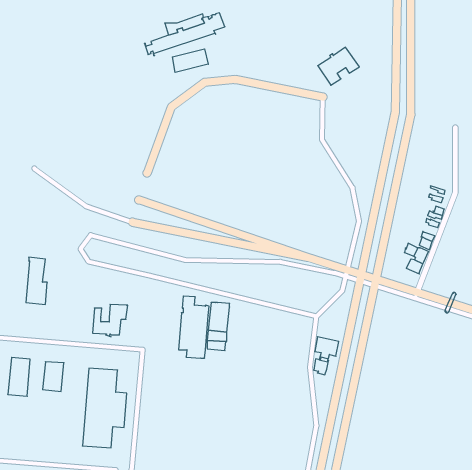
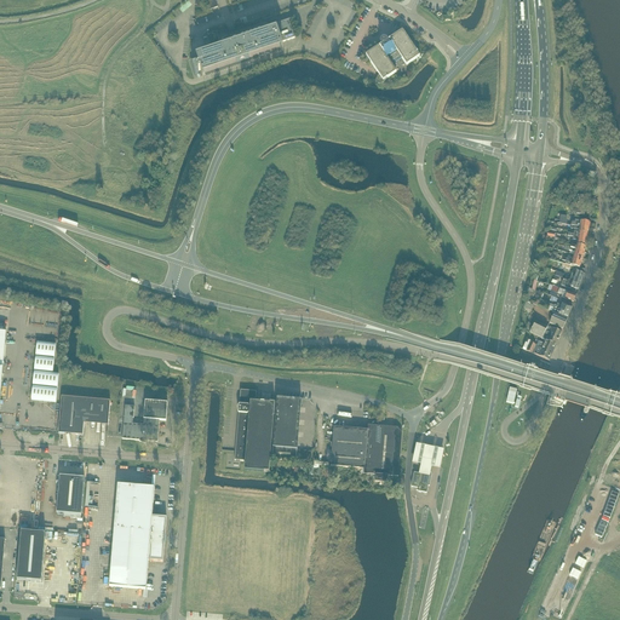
building: [318,47,359,85] -> [364,28,419,78]
building: [172,49,208,72] -> none
building: none -> [57,394,109,432]
building: none -> [329,421,401,480]
building: [8,357,30,396] -> [16,528,45,579]

